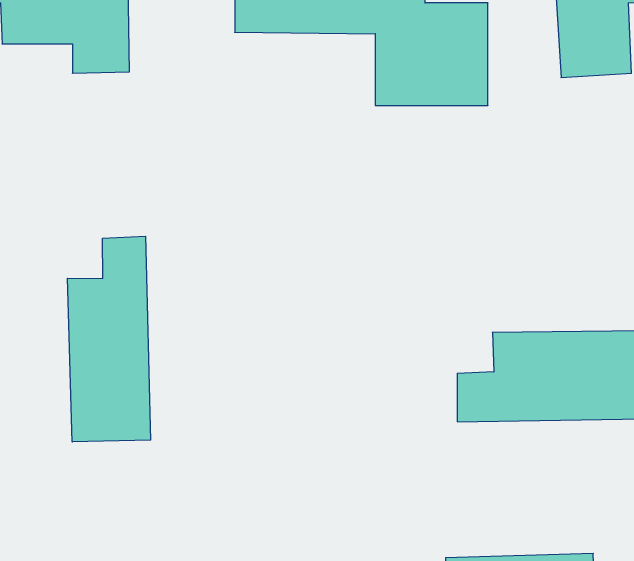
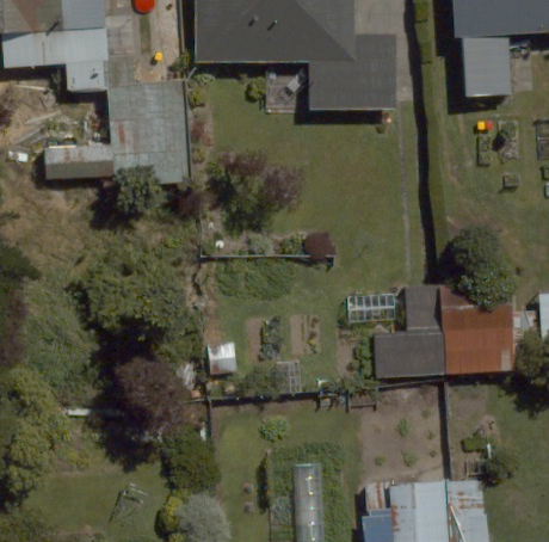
building: none -> [47,85,179,184]
building: [67,236,151,442] -> none

